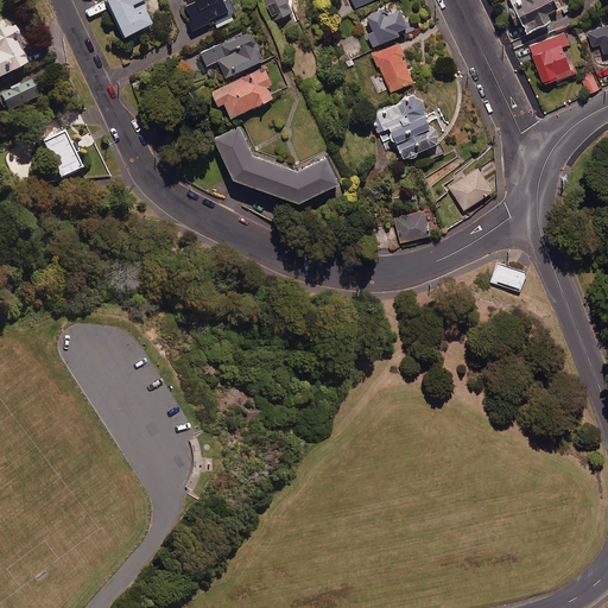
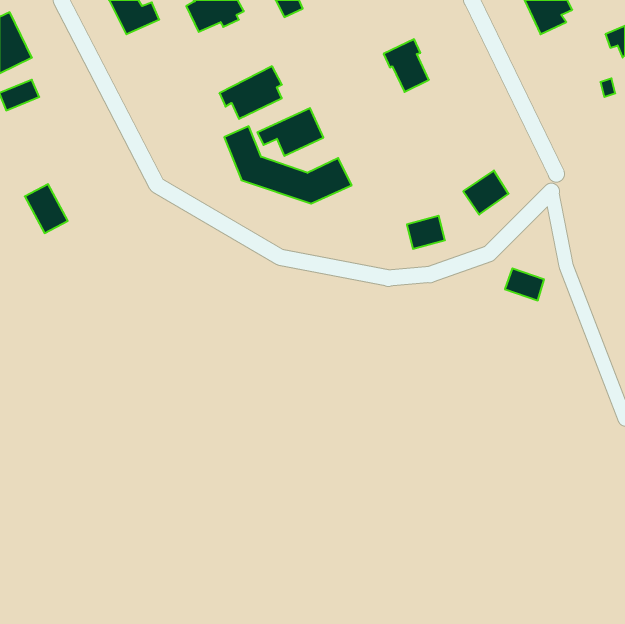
building: [361,8,410,46] -> none
building: [200,31,264,77] -> [257,108,323,156]
building: [527,36,575,88] -> none
building: [375,94,441,160] -> none
building: [40,129,82,177] -> [25,184,68,233]

